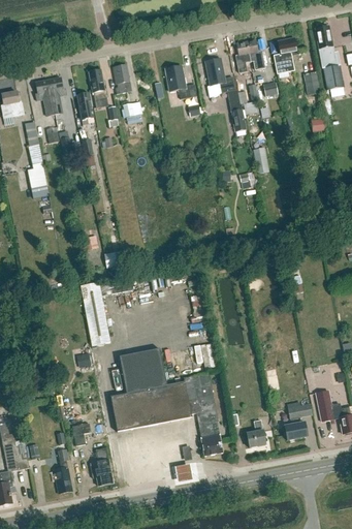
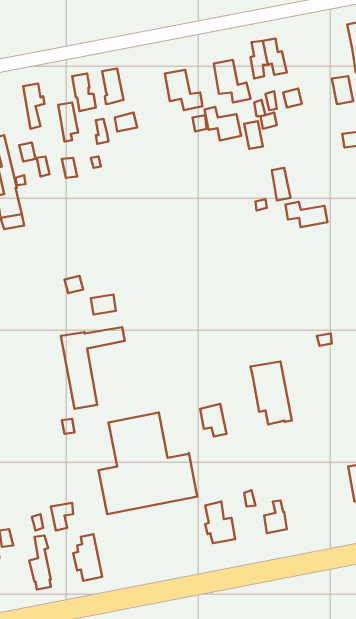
building: [274,38,297,74] -> none
building: [35,80,55,116] -> none
building: none -> [204,107,241,140]
building: none -> [285,202,327,227]
building: [184,373,218,425] -> [250,362,292,424]
building: [284,404,312,440] -> none

